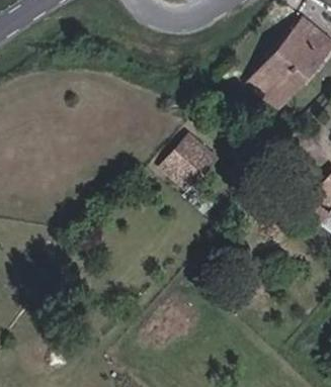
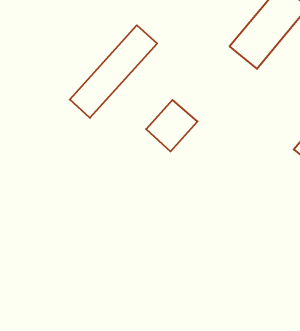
building: none -> [70,25,157,118]

